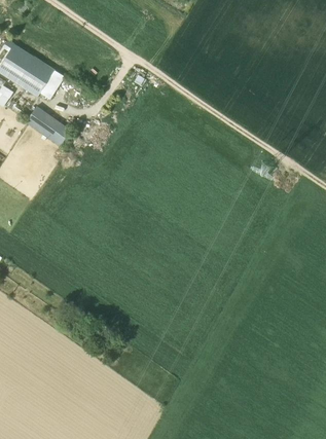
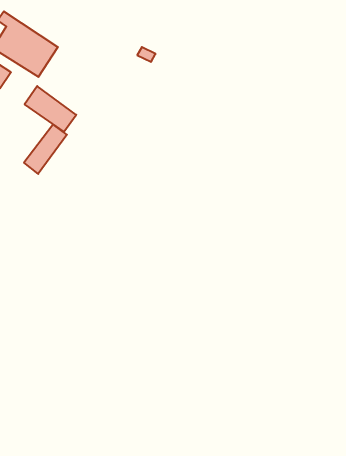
building: none -> [24,124,67,174]

